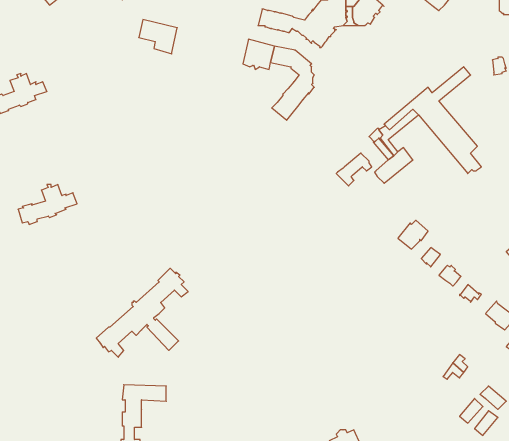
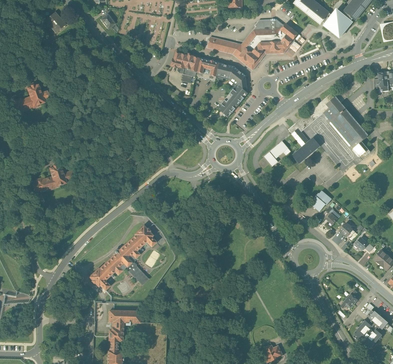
building: [139,20,177,54] -> [172,52,200,77]

